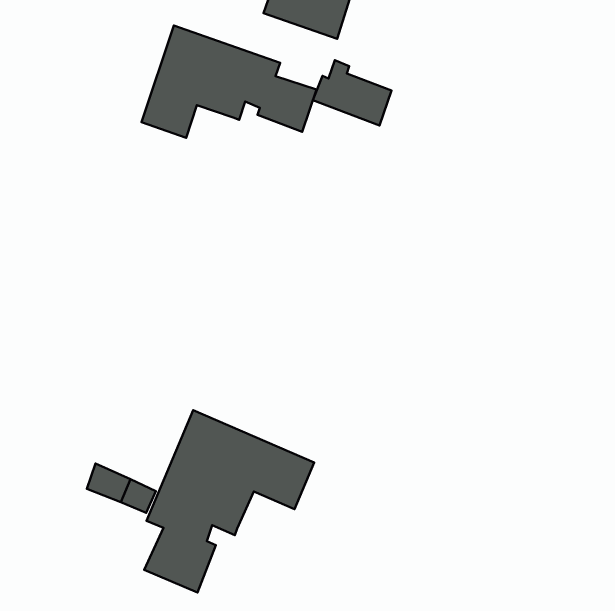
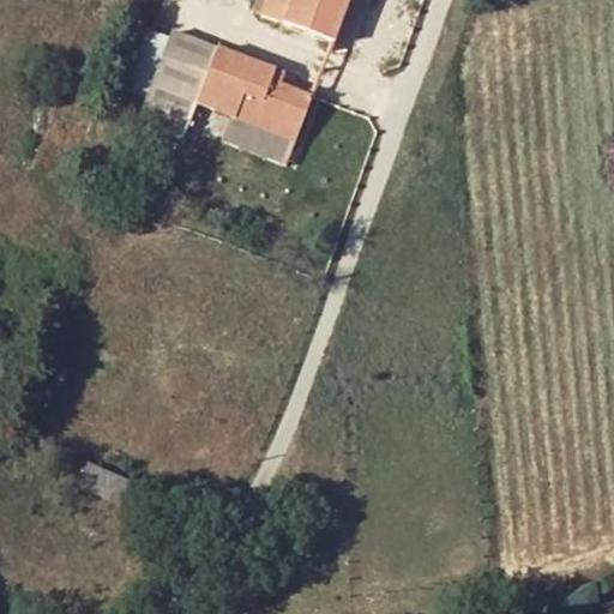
building: [313,60,391,126] -> [222,101,300,165]
building: [144,410,314,593] -> none

